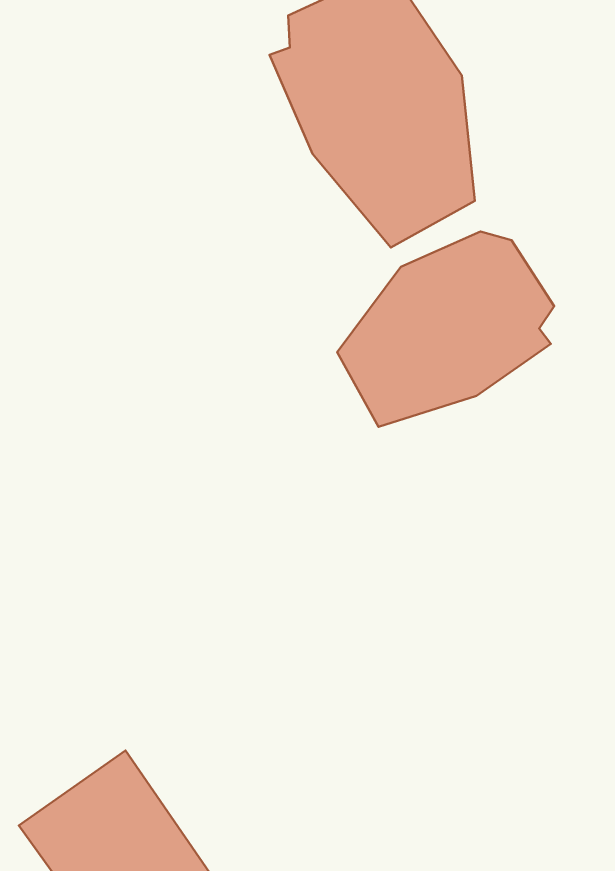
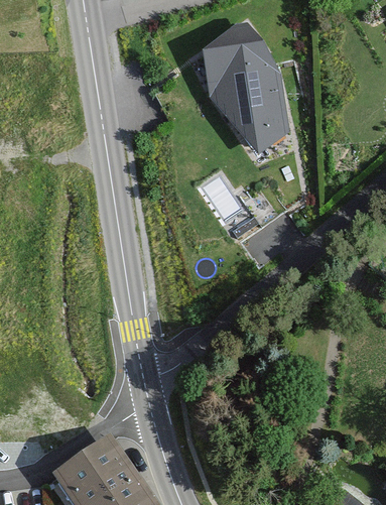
building: [337,231,554,427] -> none

